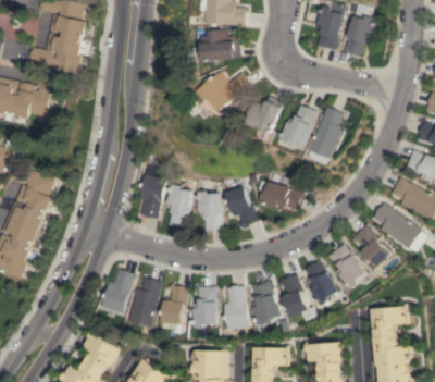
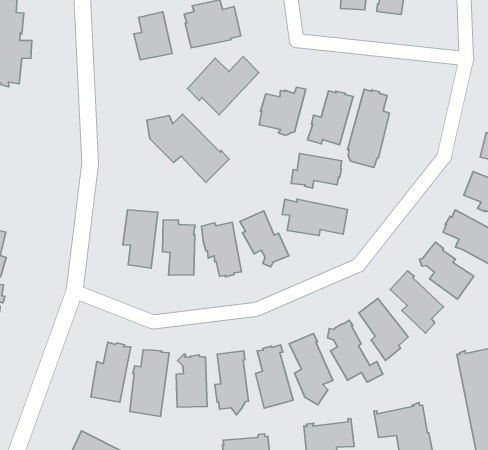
building: none -> [134,12,172,60]
building: none -> [147,114,229,182]
building: none -> [291,154,342,188]

